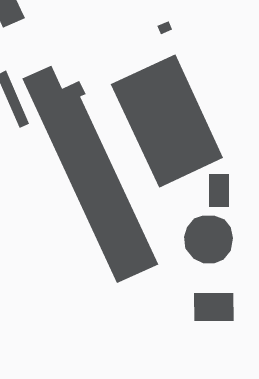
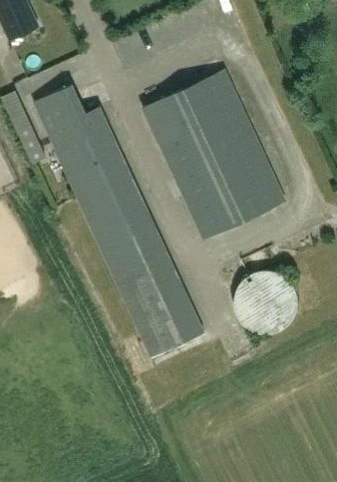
building: [208,173,230,208] -> none
building: [193,292,234,322] -> none

